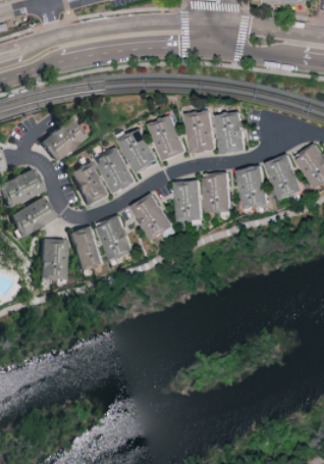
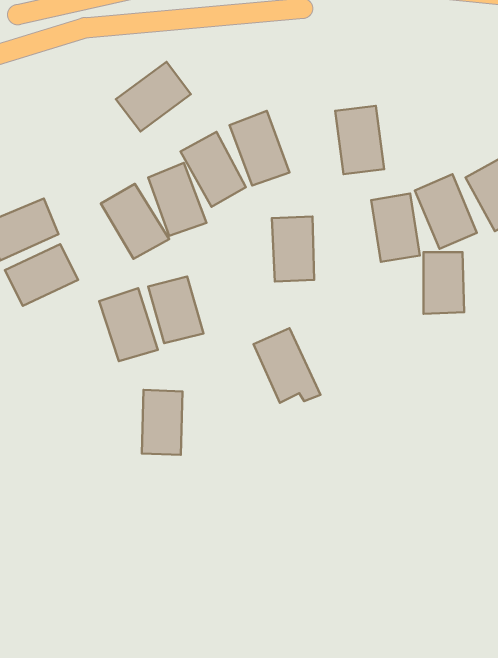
building: [184,109,216,152] -> none
building: [38,117,85,161] -> [116,62,191,132]
building: [205,173,230,212] -> [423,252,464,314]
building: [132,193,174,240] -> [254,328,320,403]
building: [39,238,64,278] -> [142,390,182,455]

